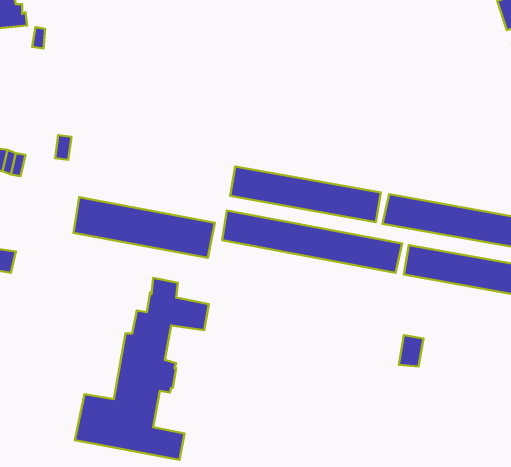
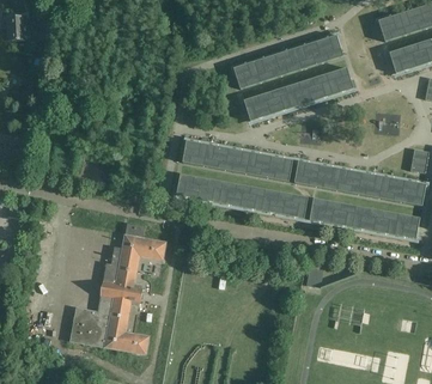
building: none -> [233,35,343,89]
building: none -> [244,67,354,120]
building: [73,197,215,258] -> none

